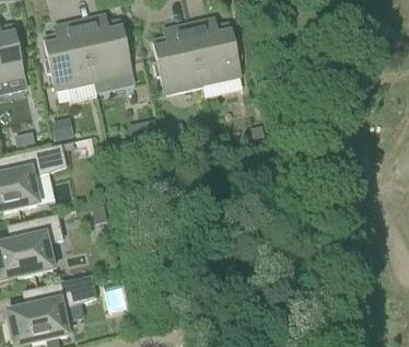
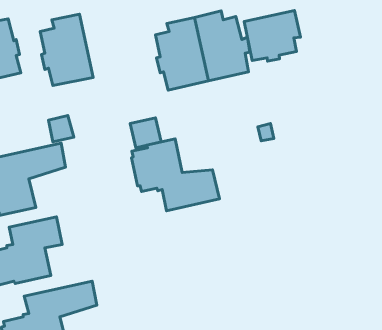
building: [81,14,132,81] -> none
building: none -> [244,11,301,61]
building: none -> [132,139,220,211]

